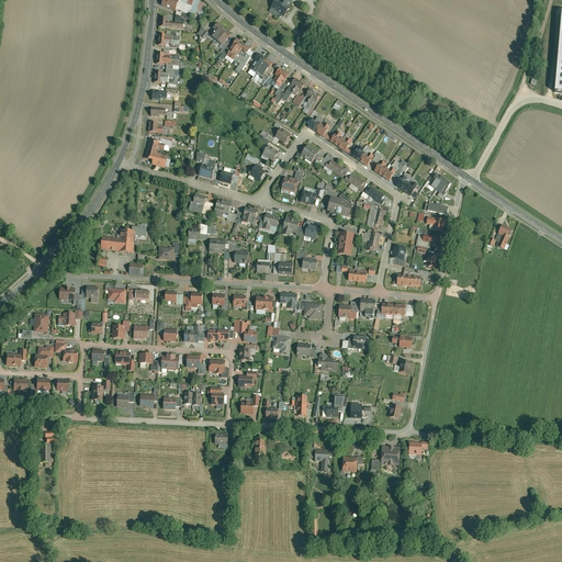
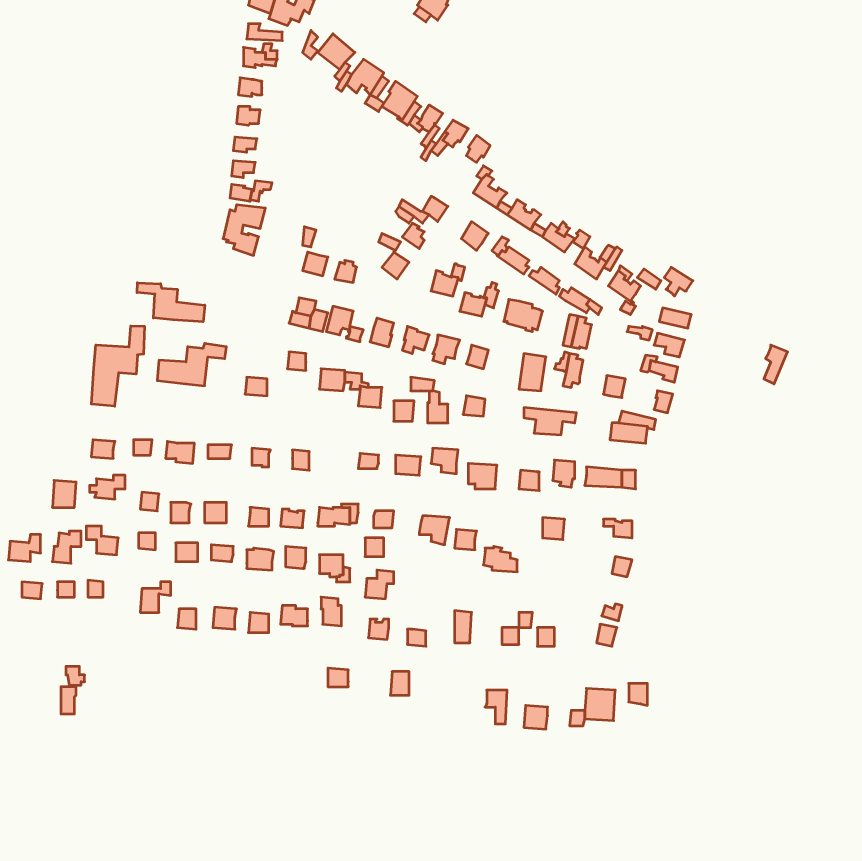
building: none -> [137,283,205,322]
building: none -> [91,326,144,406]

